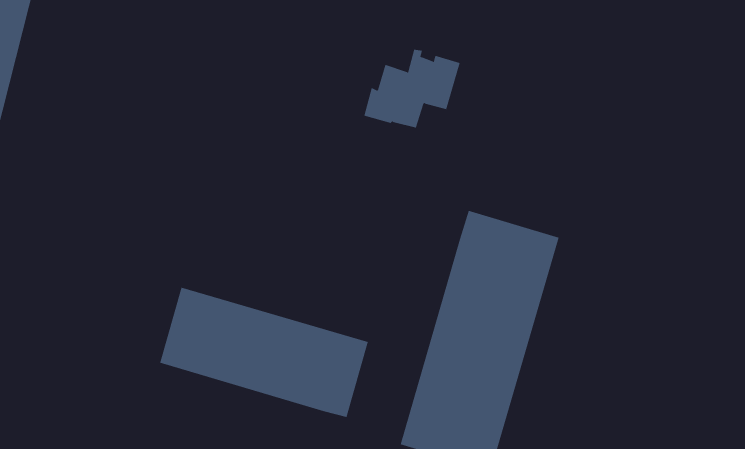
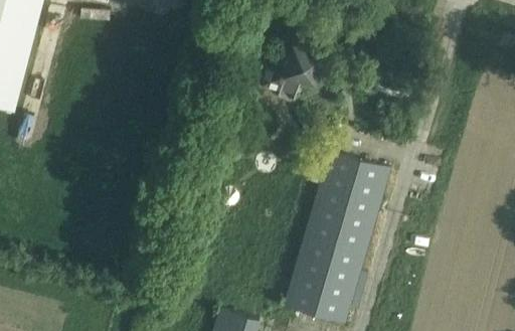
building: [159,287,369,418] -> none

